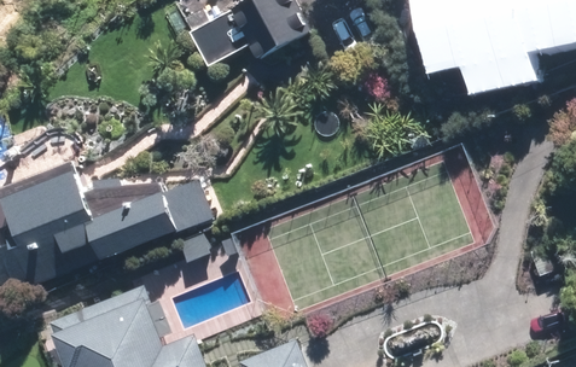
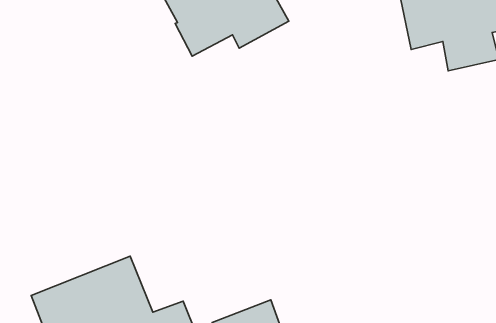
building: [13,161,213,280] -> none

